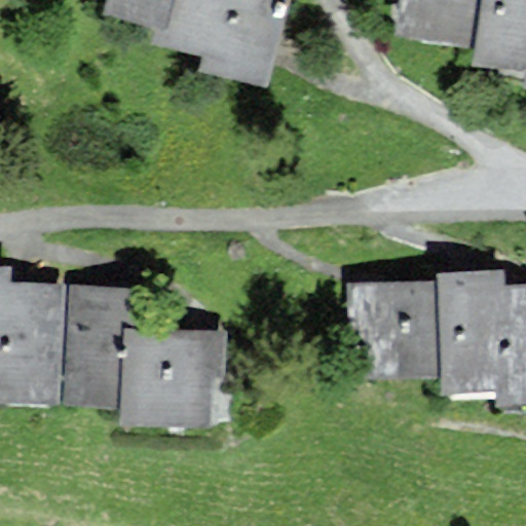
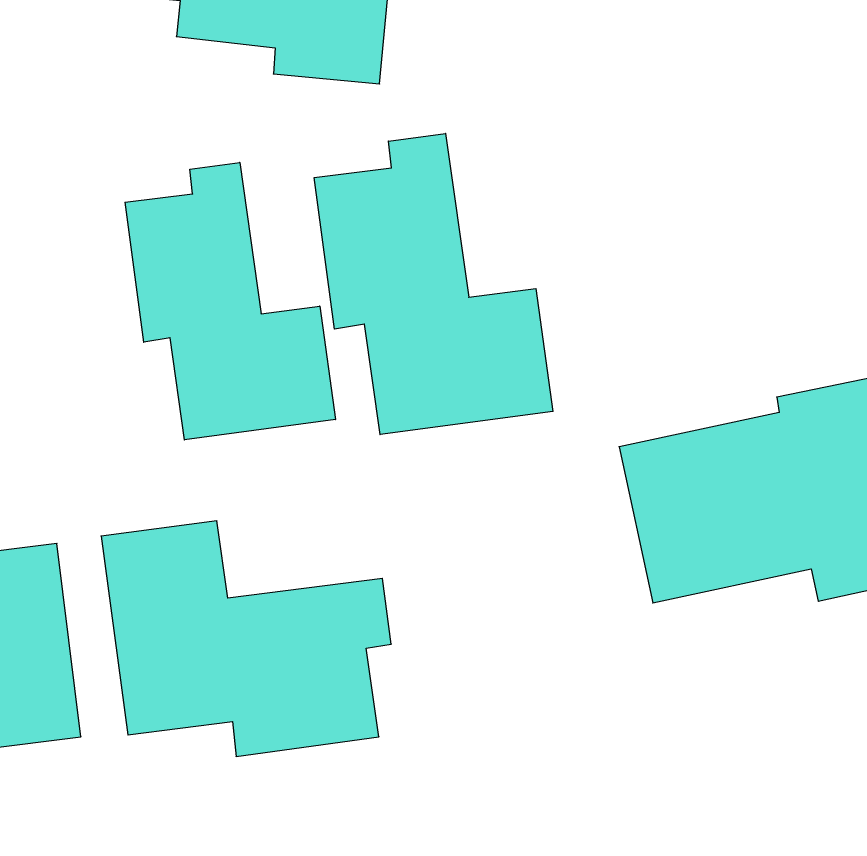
building: none -> [125,162,335,440]
building: none -> [314,133,553,435]

